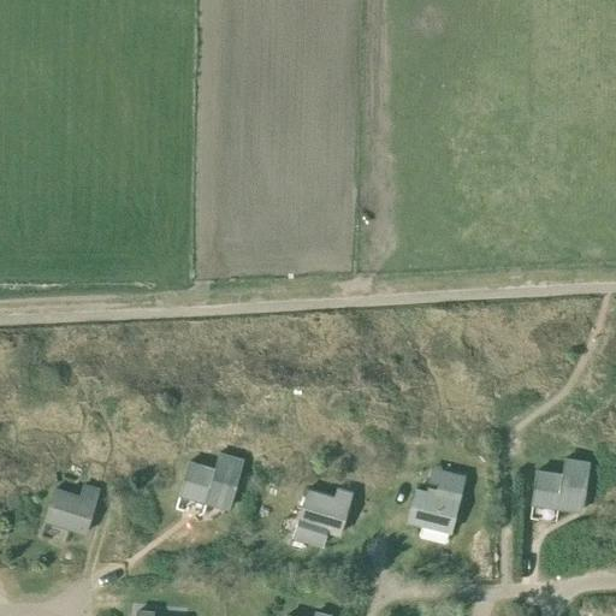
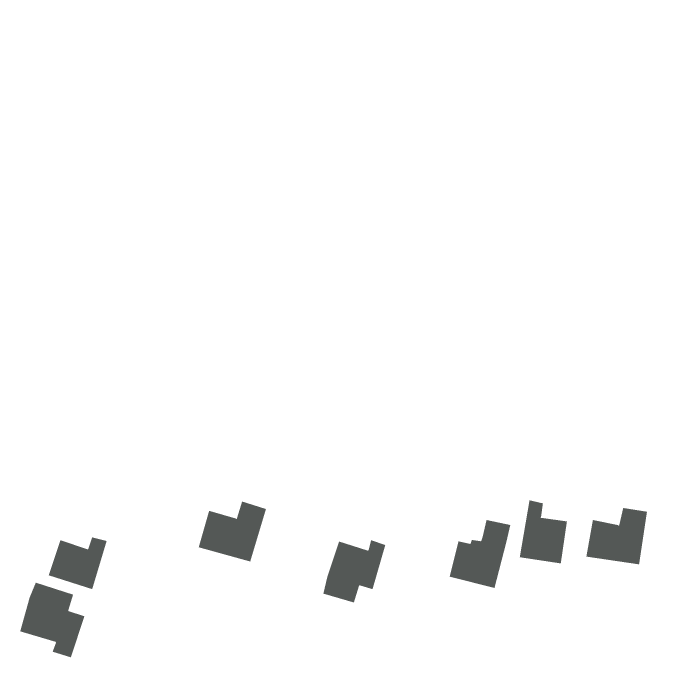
building: none -> [519,499,567,564]
building: none -> [20,582,85,658]

